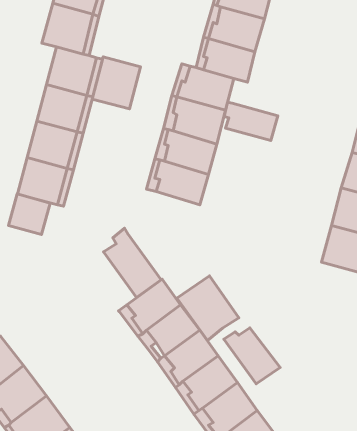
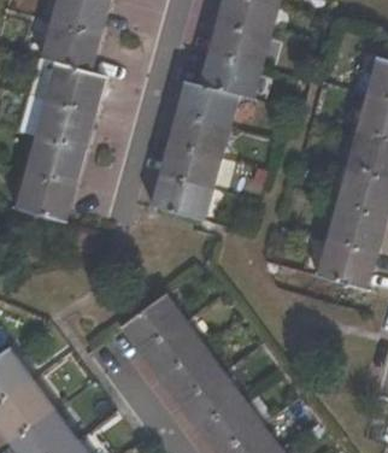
building: [92,57,141,109] -> none
building: [224,102,278,141] -> none
building: [8,194,50,235] -> none
building: [103,228,161,298] -> none
building: [177,276,239,341] -> none
building: [224,328,280,384] -> none

